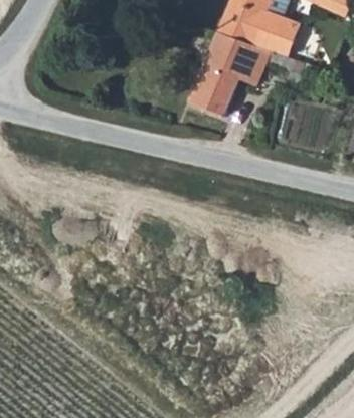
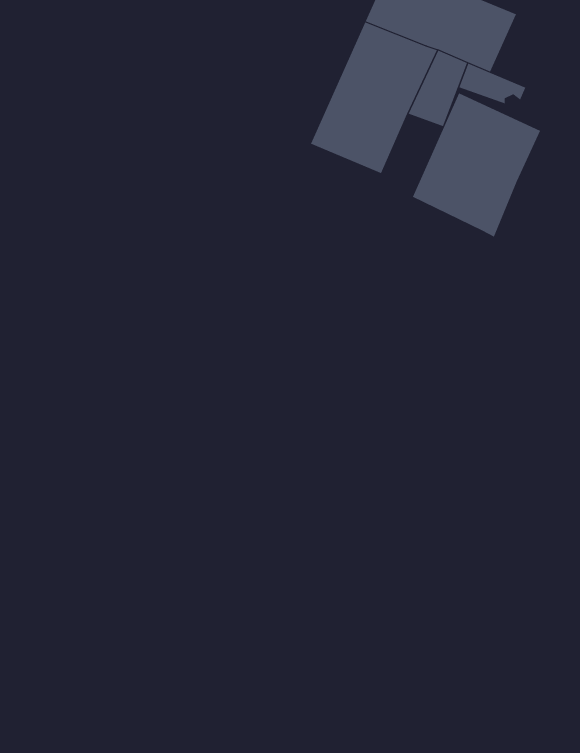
building: none -> [412,93,541,238]

